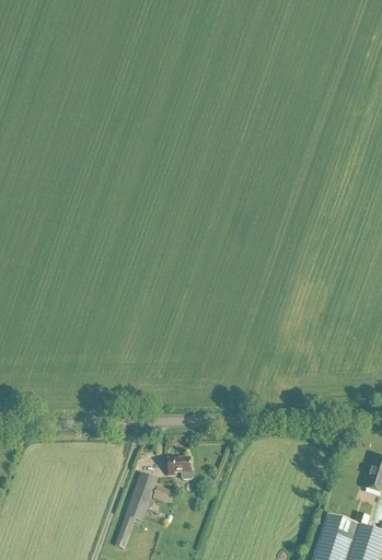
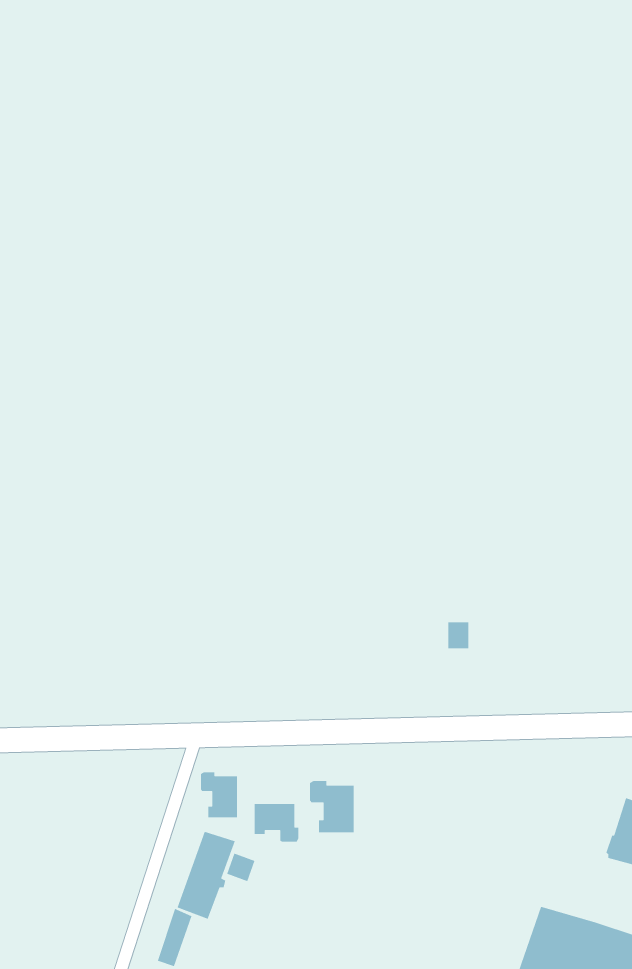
building: none -> [200,772,238,818]
building: none -> [309,780,355,833]

